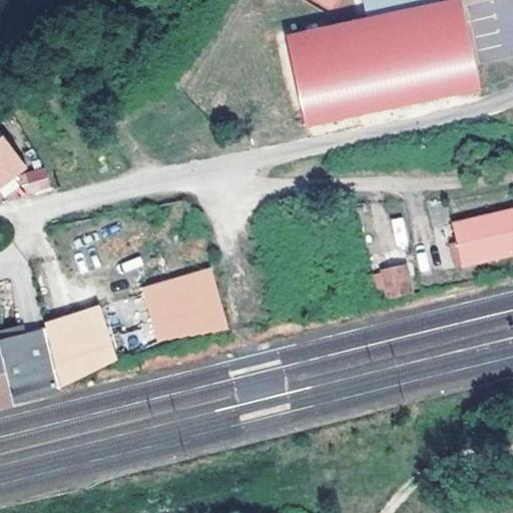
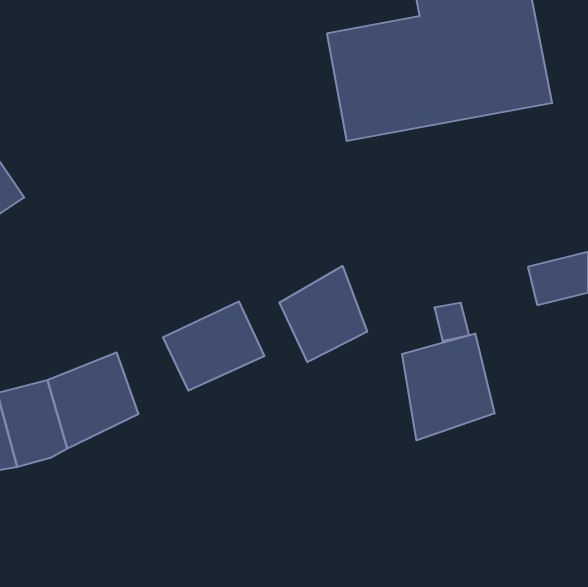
building: none -> [279,266,367,362]
building: none -> [402,333,495,440]

